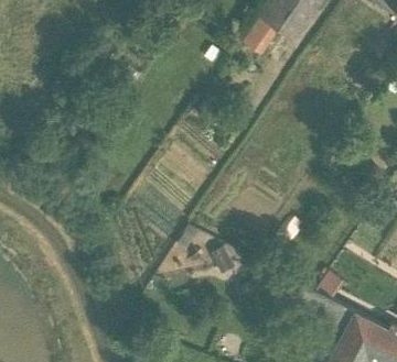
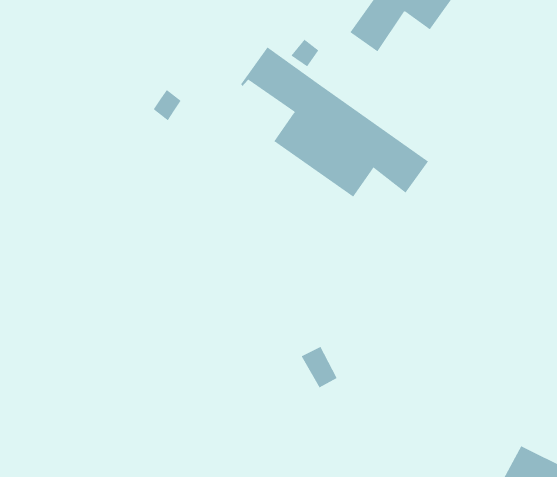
building: none -> [240,47,429,198]

